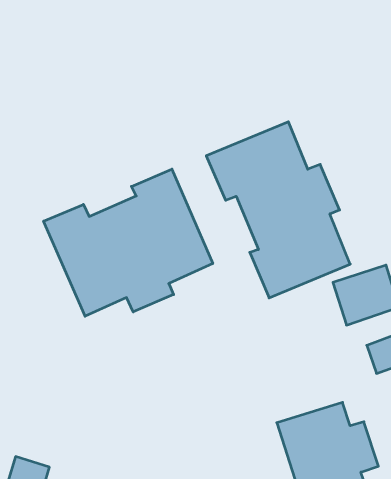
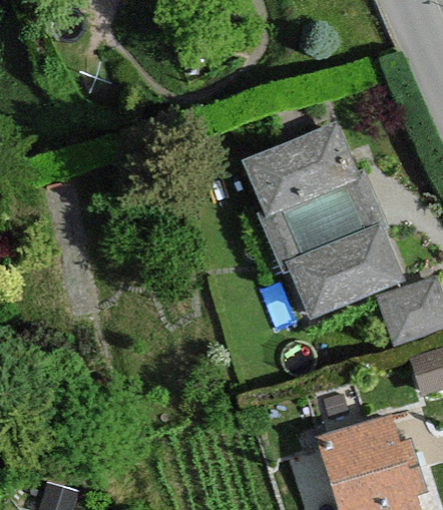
building: [44,169,213,316] -> none

